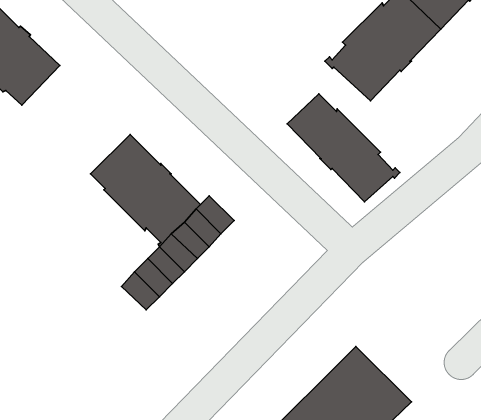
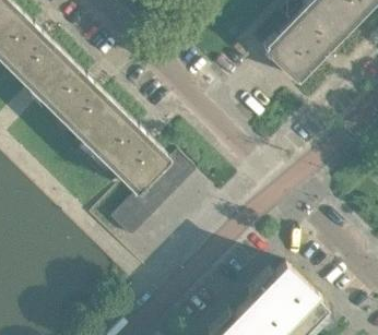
building: none -> [34,55,115,135]
building: [287,94,400,202] -> none

